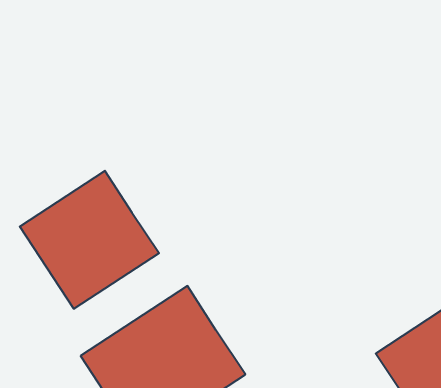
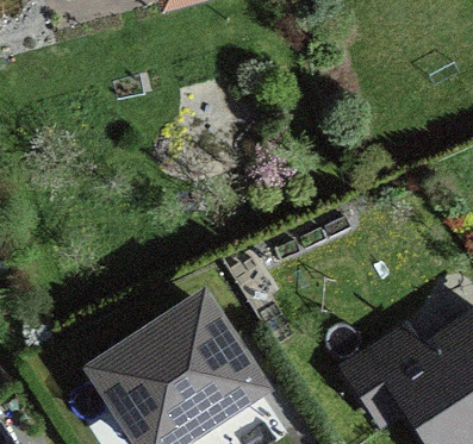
building: [20,171,159,309] -> none

